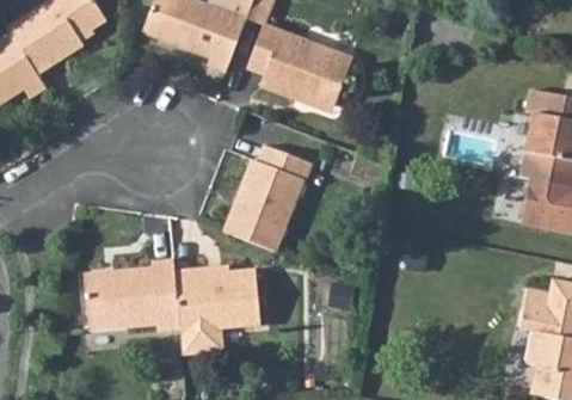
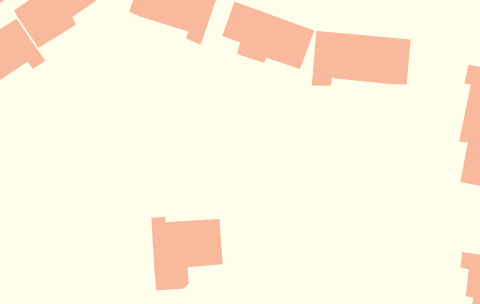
building: none -> [311,30,412,86]
building: [223,143,310,250] -> none
building: [82,254,174,326] -> none

